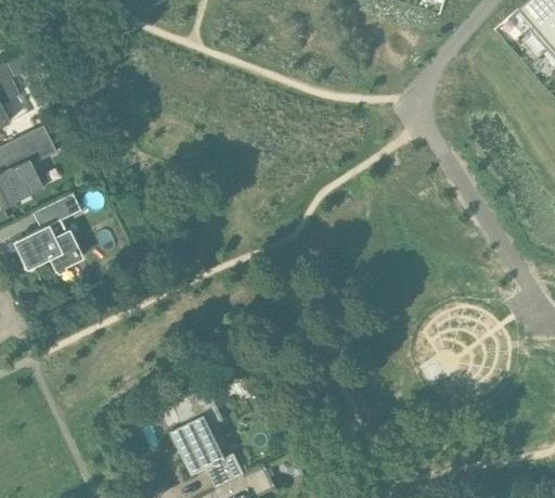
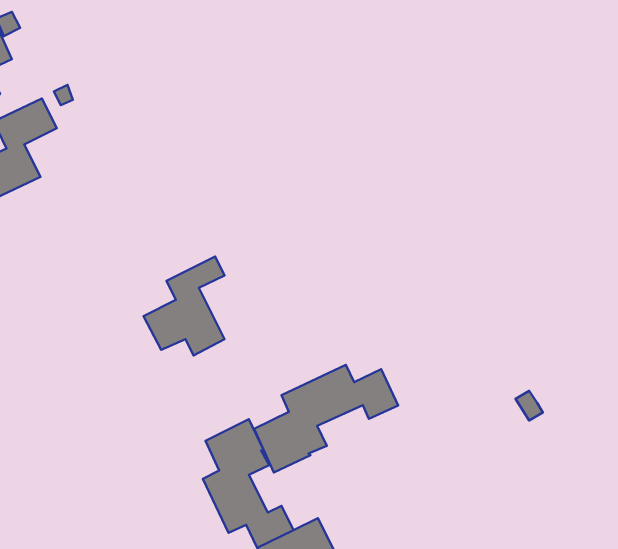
building: [14,194,79,273] -> [143,257,225,355]
building: none -> [254,365,398,473]

